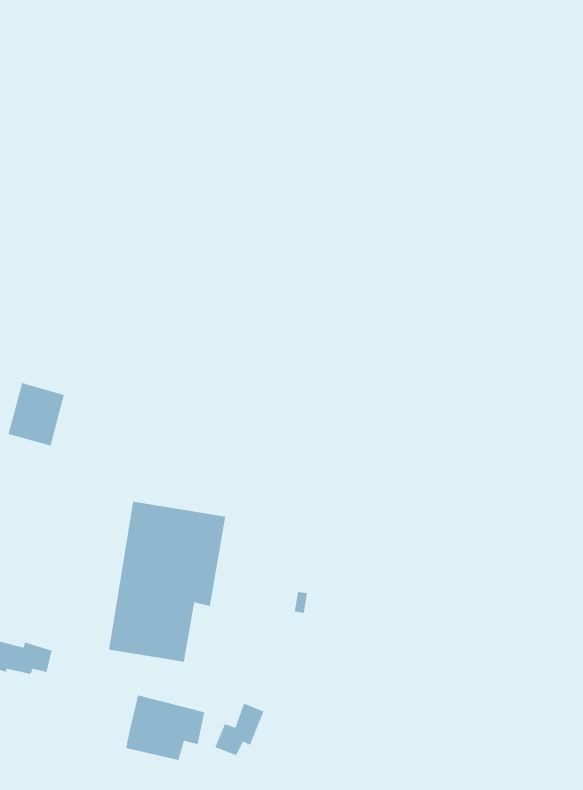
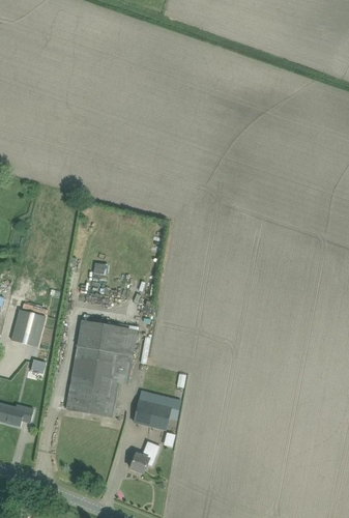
building: [8,382,65,447] -> [10,309,45,347]
building: [125,695,205,761] -> [133,390,180,429]

